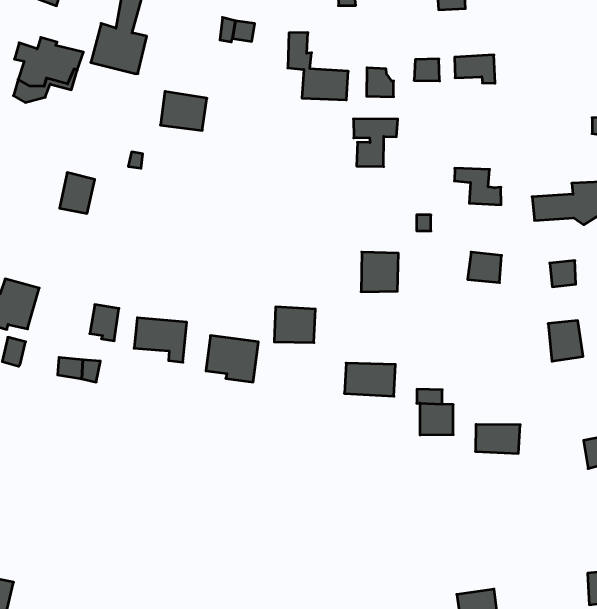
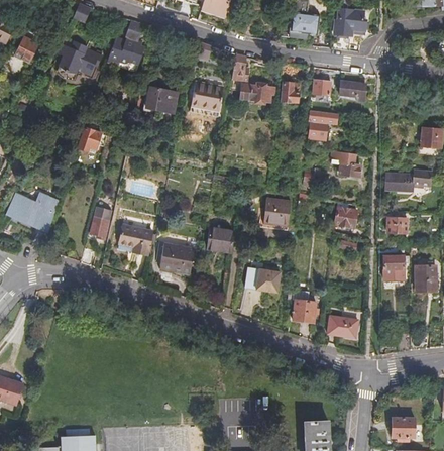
building: none -> [192,82,223,110]
building: [353,119,398,167] -> [307,110,336,142]

